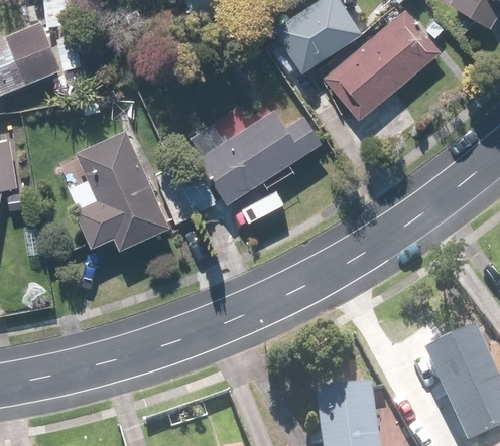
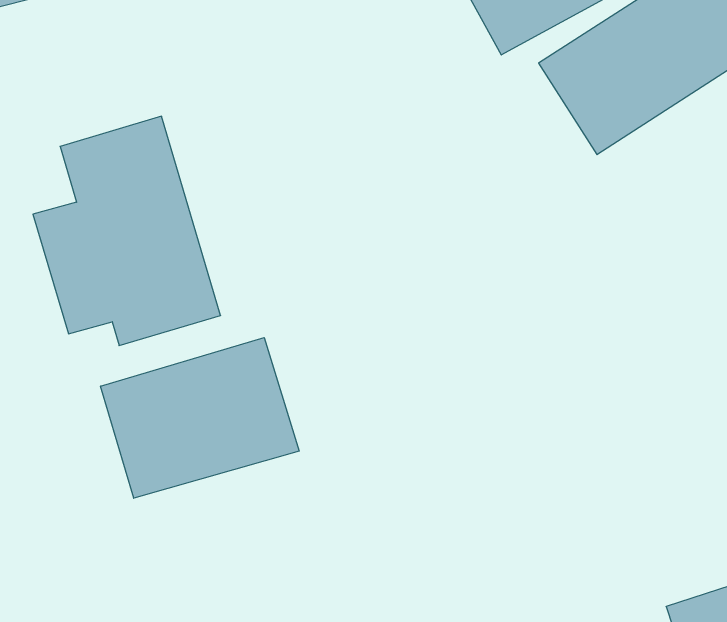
building: [189,107,323,203] -> none
building: none -> [101,338,299,498]

